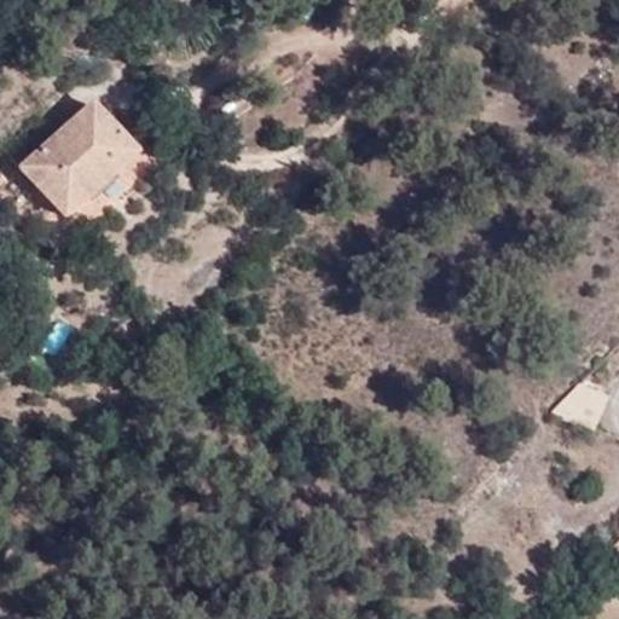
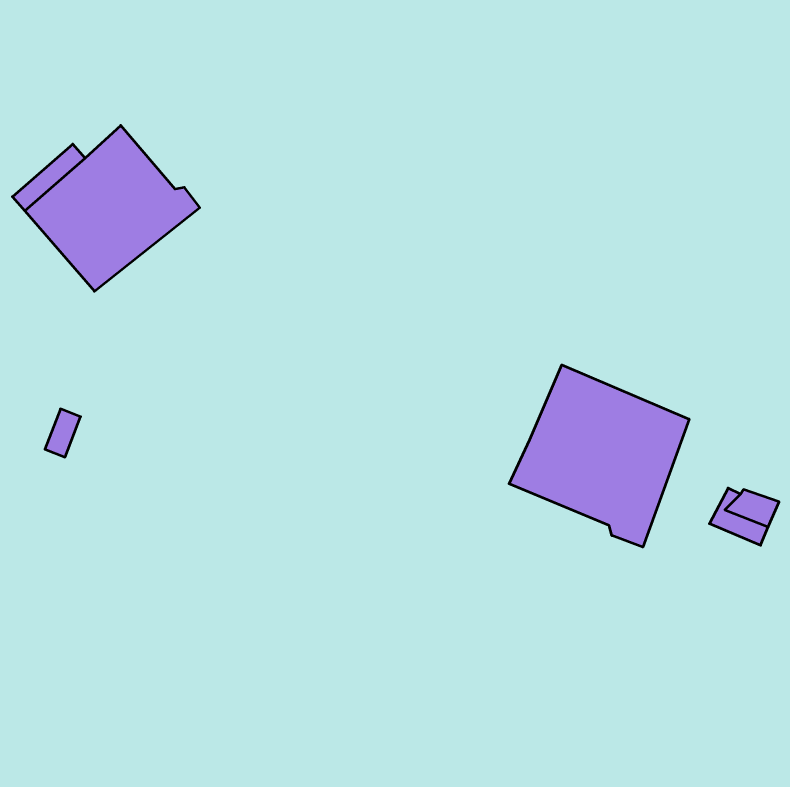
building: none -> [509,365,689,547]

